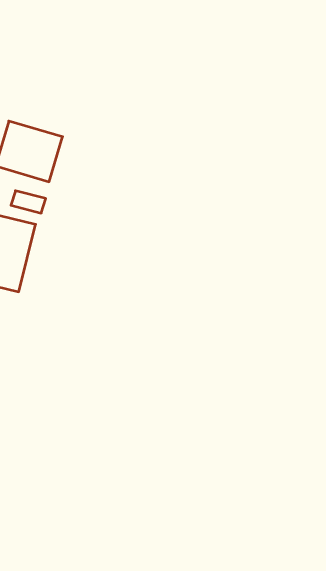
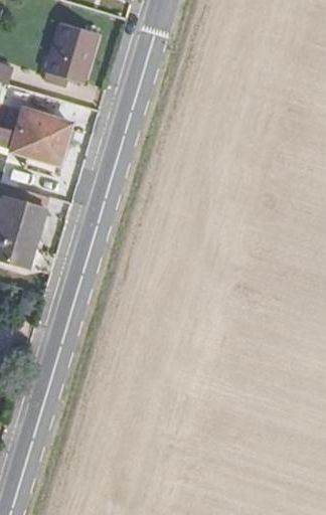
building: none -> [45,22,100,90]

